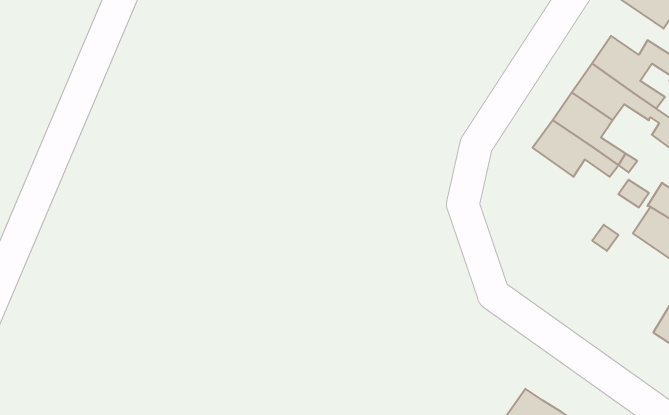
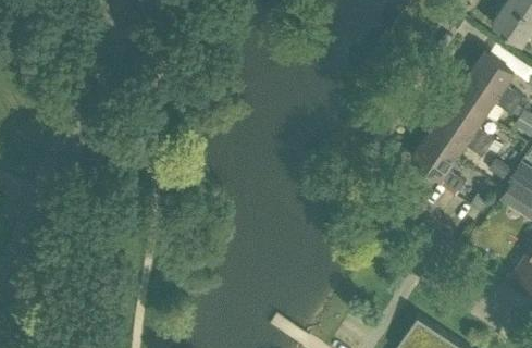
building: none -> [410,138,465,194]

